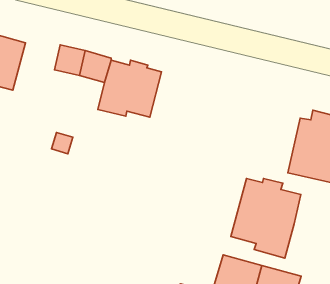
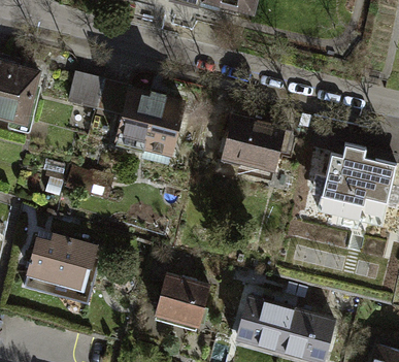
building: none -> [224,118,292,168]
building: [231,178,301,258] -> none
building: none -> [28,237,95,286]
building: none -> [155,274,208,326]

